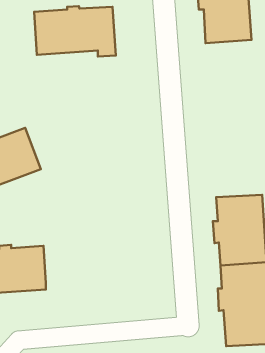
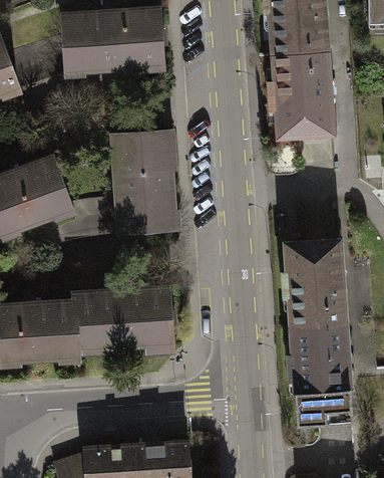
building: none -> [270,51,335,139]
building: none -> [114,133,173,232]
building: none -> [75,288,172,349]

